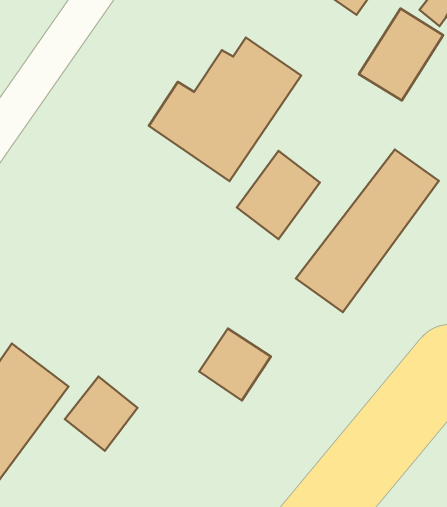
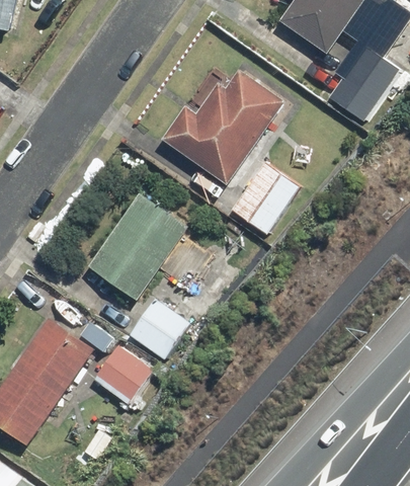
building: [296,150,439,312] -> none
building: none -> [87,192,188,300]
building: [199,329,271,400] -> [129,301,186,358]

